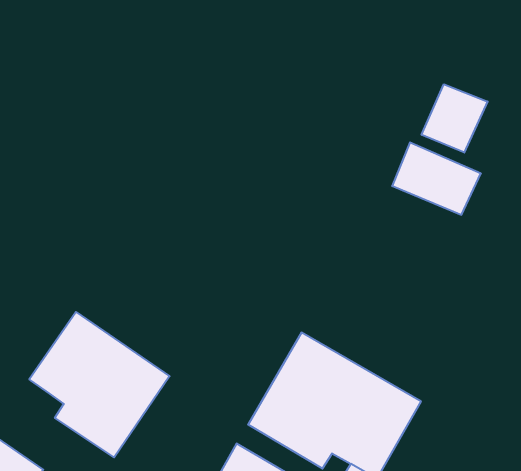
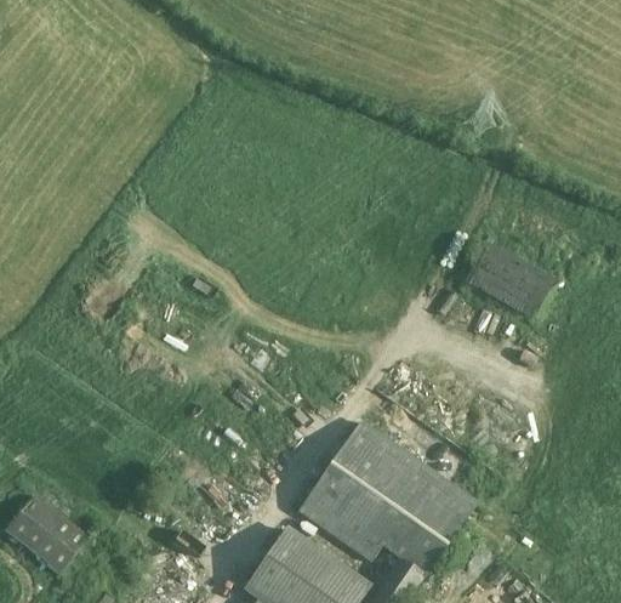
building: [422,84,488,153] -> none
building: [29,312,170,457] -> none

